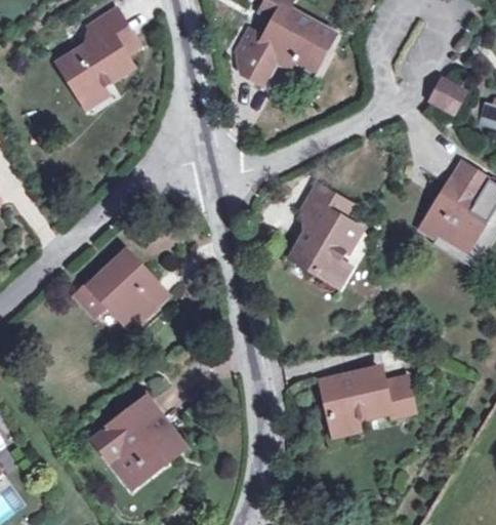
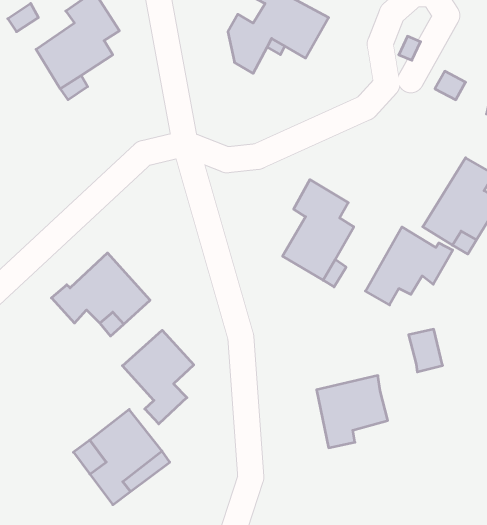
building: none -> [365,227,453,305]
building: none -> [122,330,194,424]
building: [381,376,413,416] -> [409,329,443,372]

